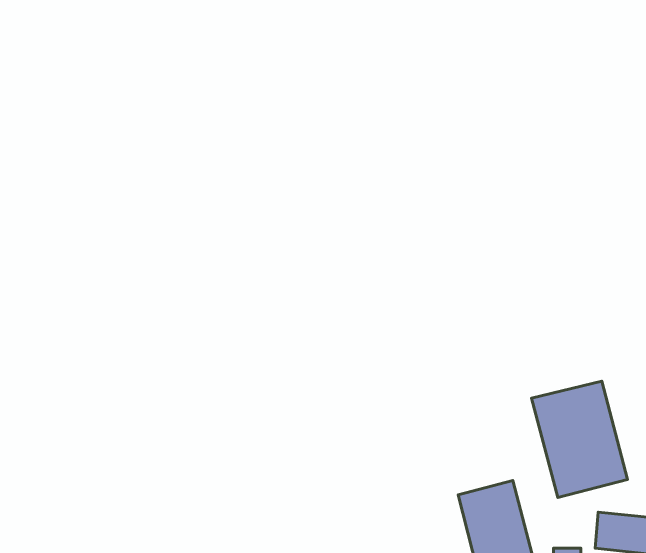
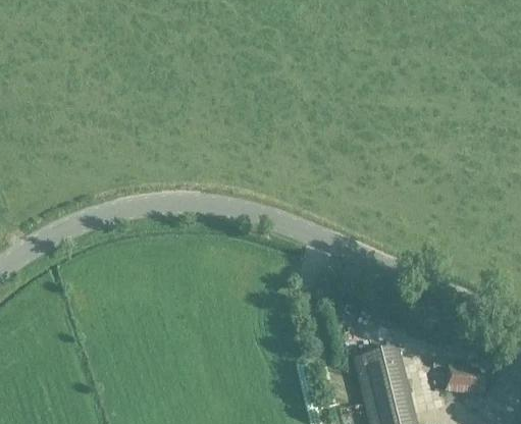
building: [532,381,627,497] -> none

